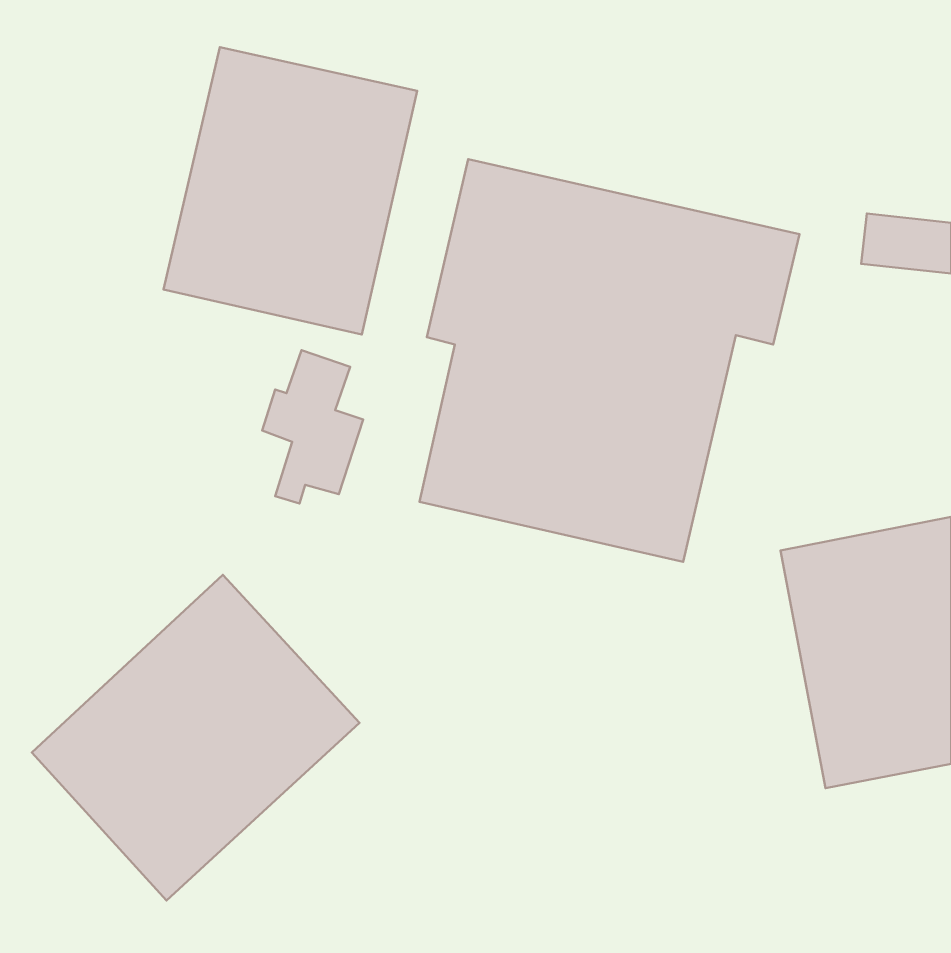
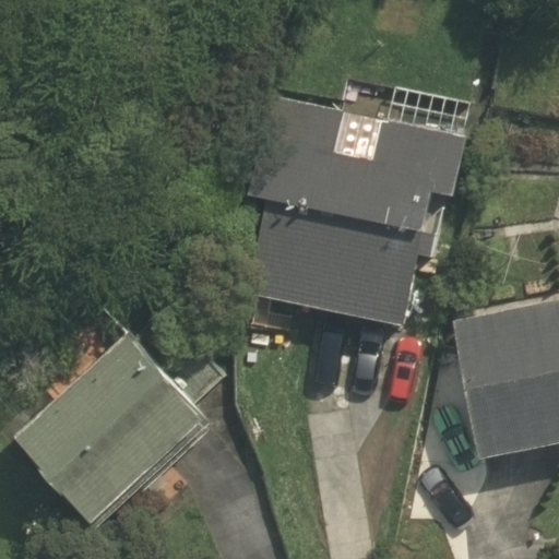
building: [164,47,417,335] -> none

